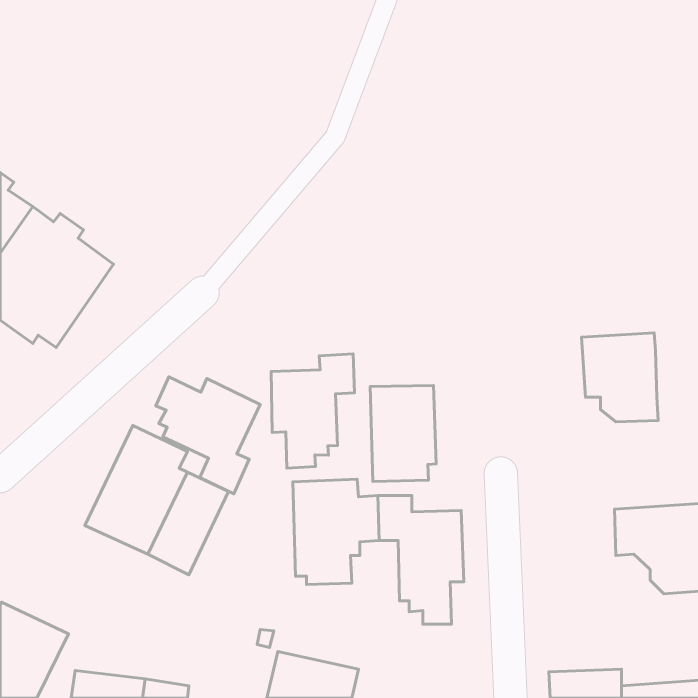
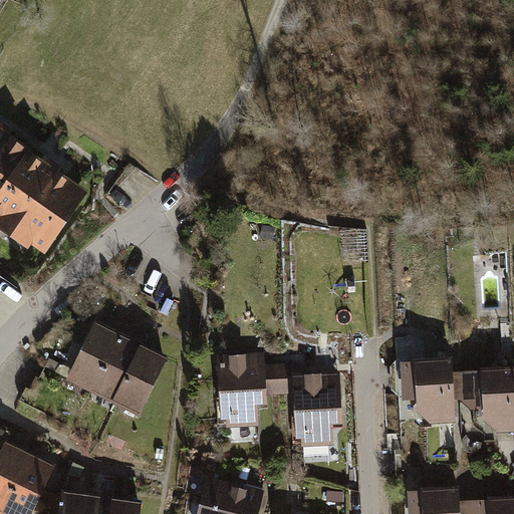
building: [581,333,658,422] -> [398,360,454,426]
building: [271,354,354,468] -> none
building: [156,377,260,494] -> none
building: [370,386,436,482] -> none

